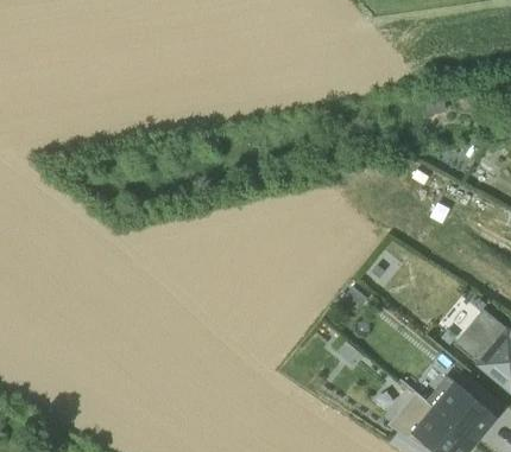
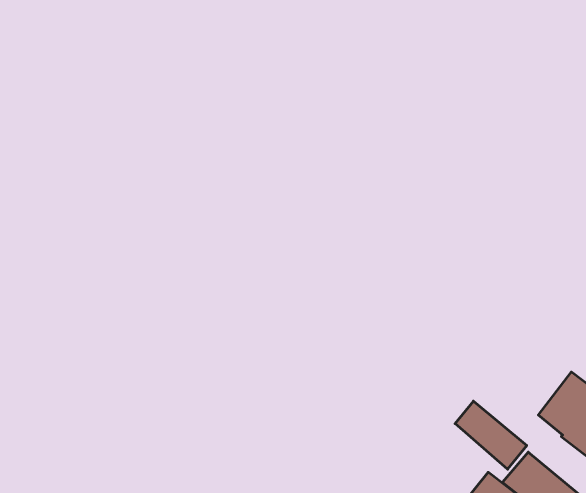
building: none -> [455,401,527,469]

